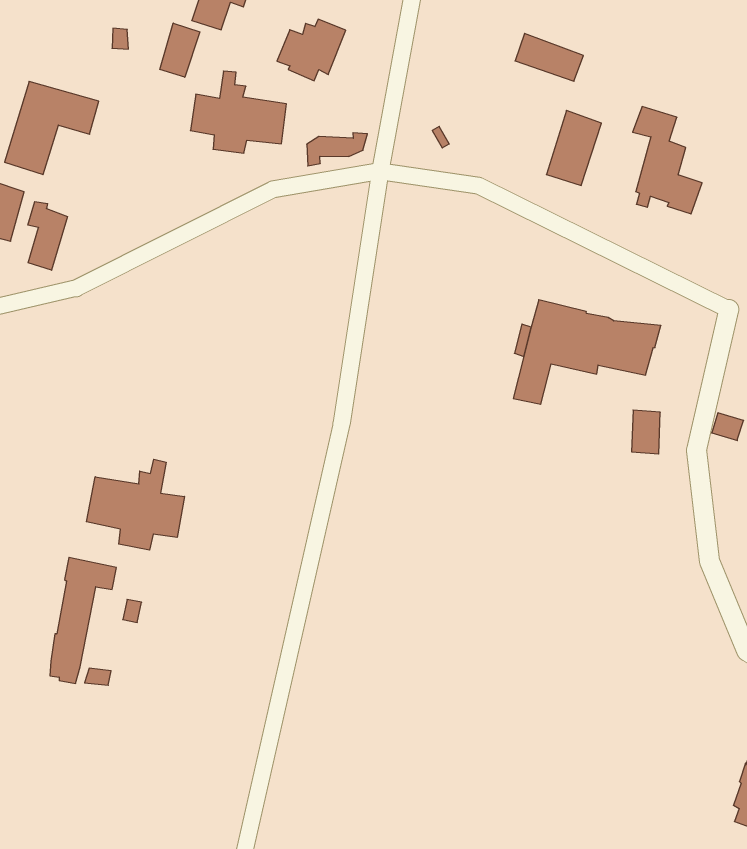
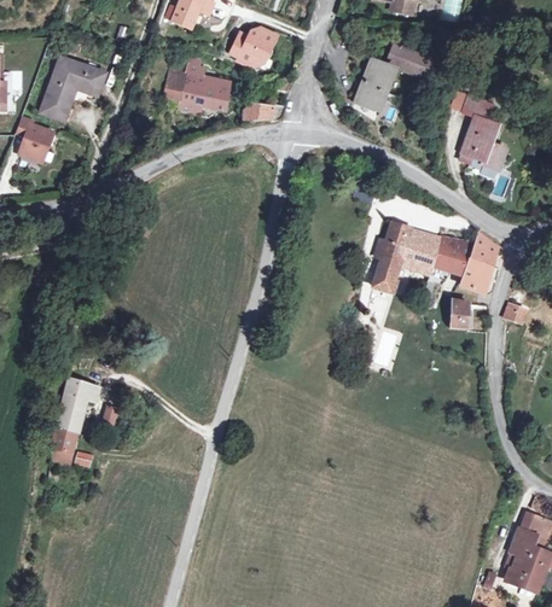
building: [160,23,200,77] -> none
building: [546,110,601,185] -> [355,58,394,109]
building: [28,202,68,270] -> none
building: none -> [461,230,498,292]
building: [86,459,184,550] -> none

